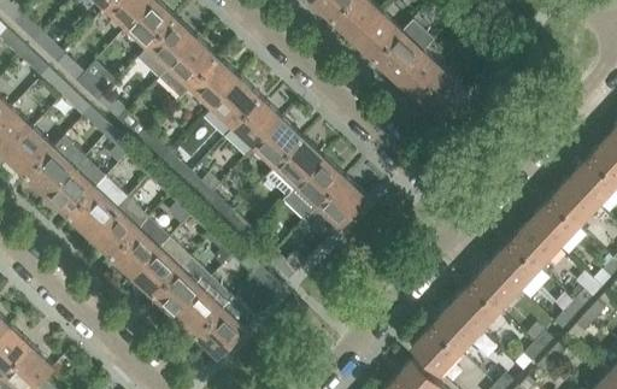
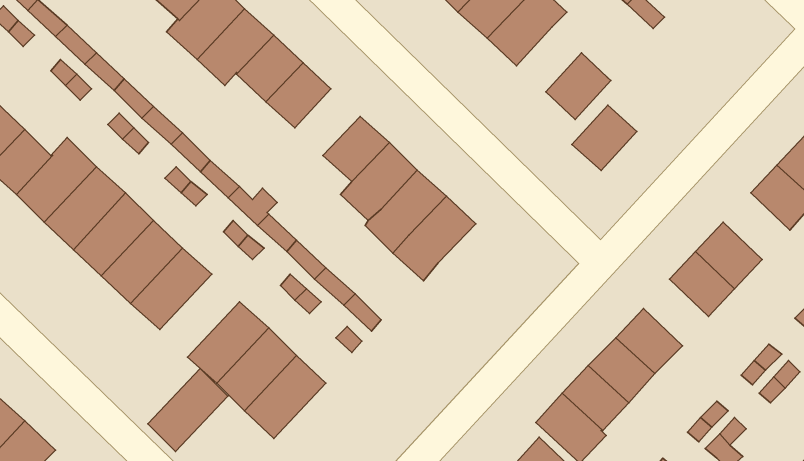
building: [396,54,445,102] -> [572,105,637,170]
building: [233,100,281,149] -> none
building: [550,177,599,226] -> none
building: [133,237,192,299] -> [148,368,228,451]
building: [490,241,539,290] -> none

